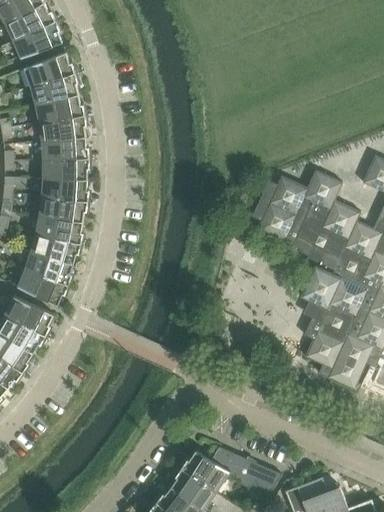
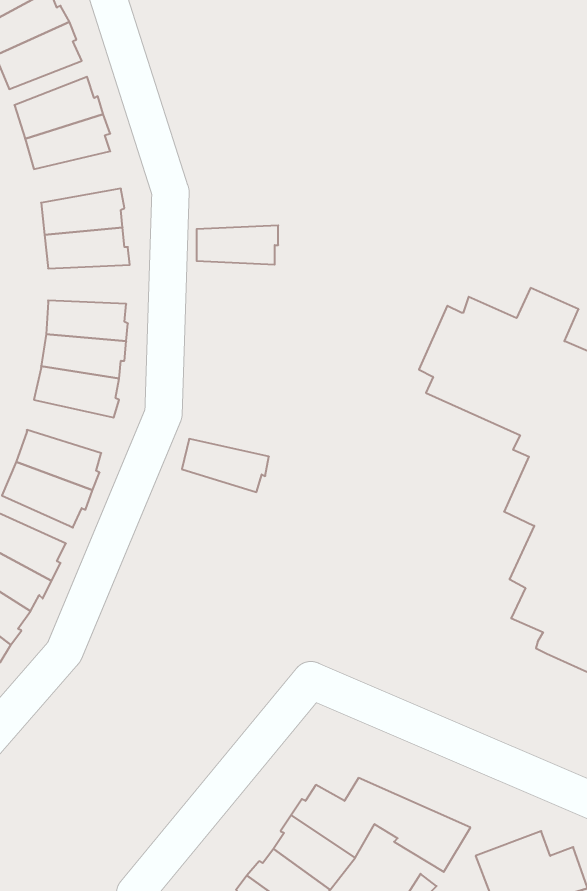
building: [35,93,84,122] -> none
building: [43,157,89,179] -> [197,225,278,265]
building: [31,233,80,263] -> [182,439,269,492]

